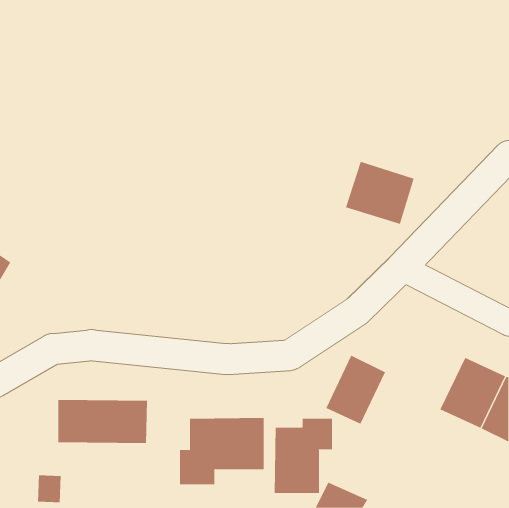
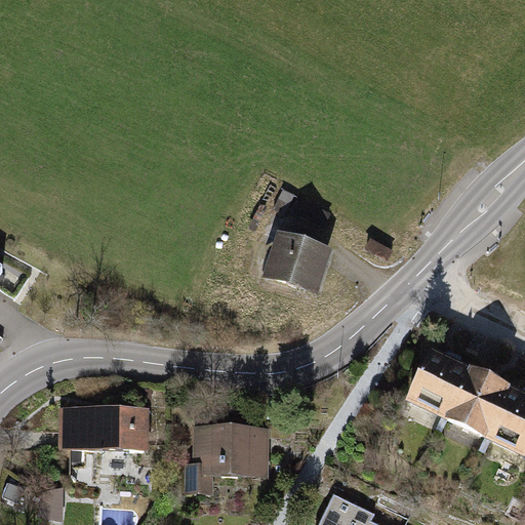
building: [345,161,415,225] -> [255,228,326,292]
building: [326,355,386,424] -> [412,347,474,417]
building: [274,418,332,494] -> none

